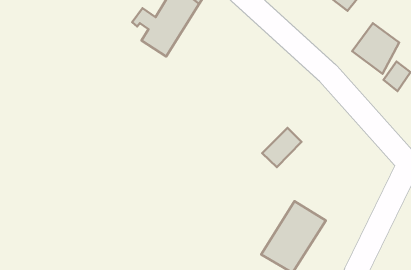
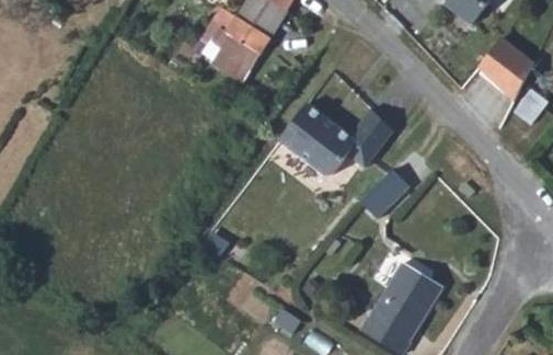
building: none -> [279,104,393,176]

